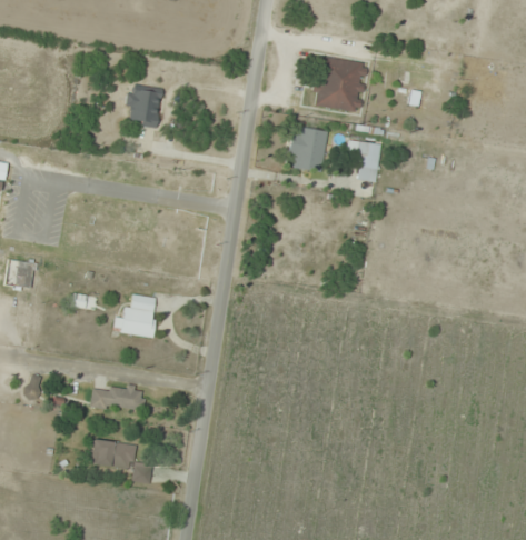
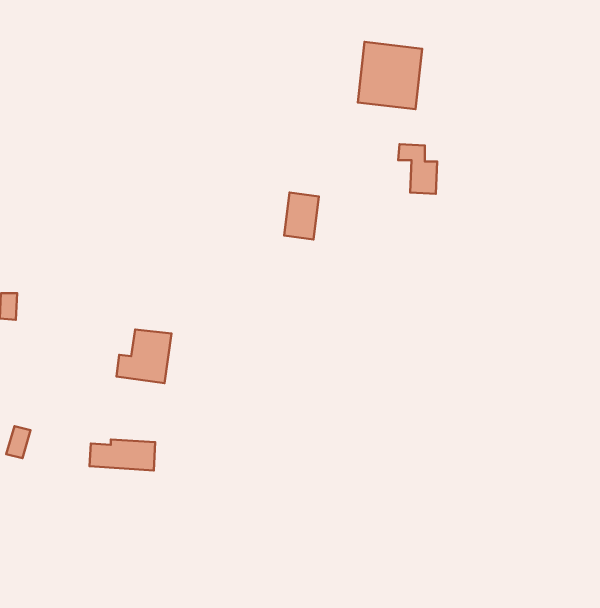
building: [126,88,161,127] -> none
building: [291,132,320,171] -> [284,193,319,240]
building: [90,439,152,482] -> none

